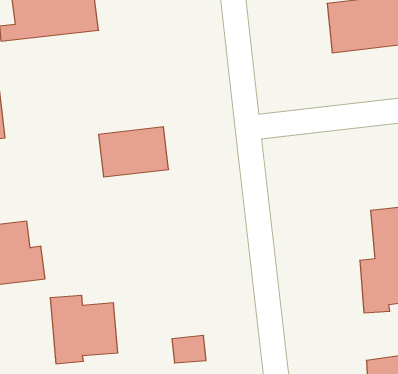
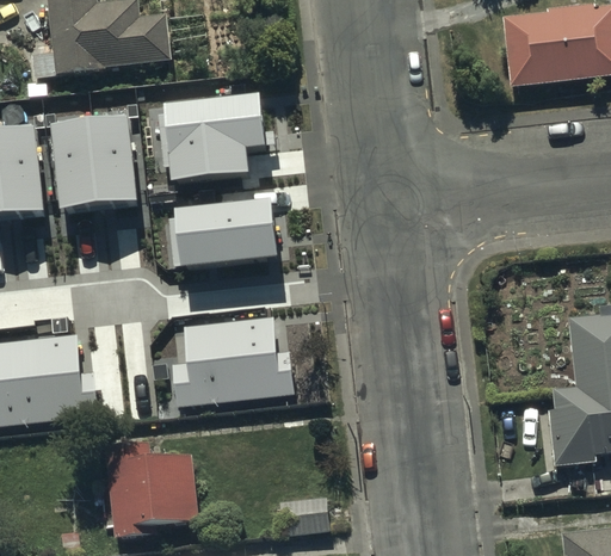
building: none -> [162,91,266,184]
building: none -> [51,112,137,211]
building: none -> [171,311,297,409]

